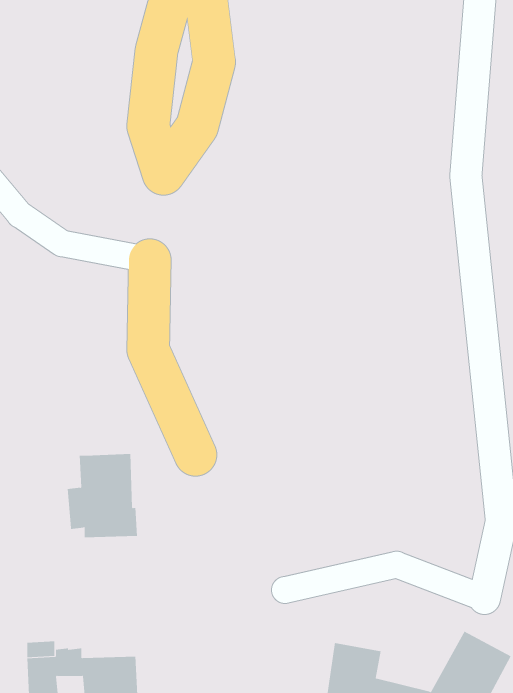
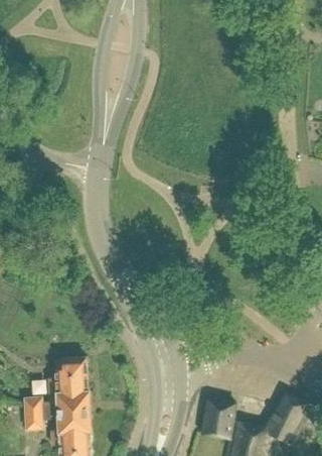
building: [67,453,138,538] -> [48,358,91,409]

